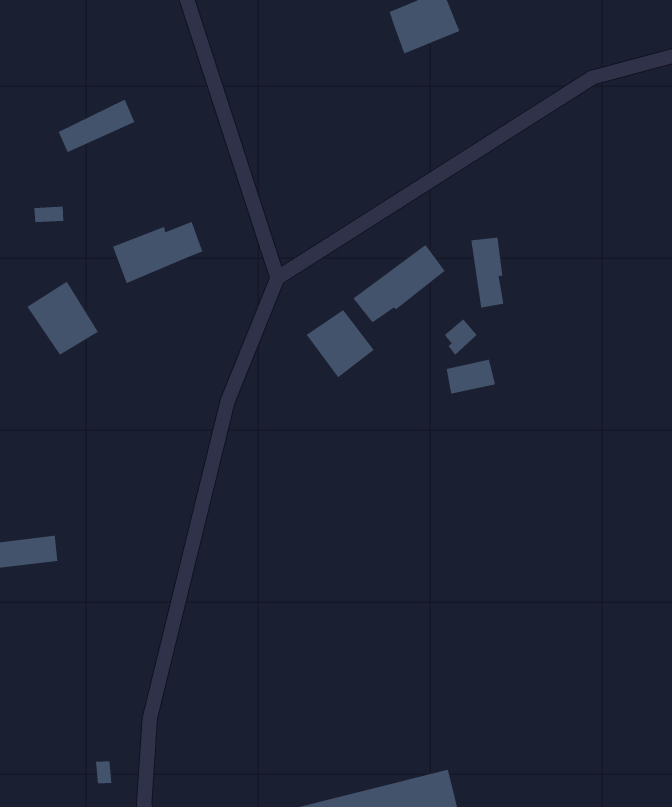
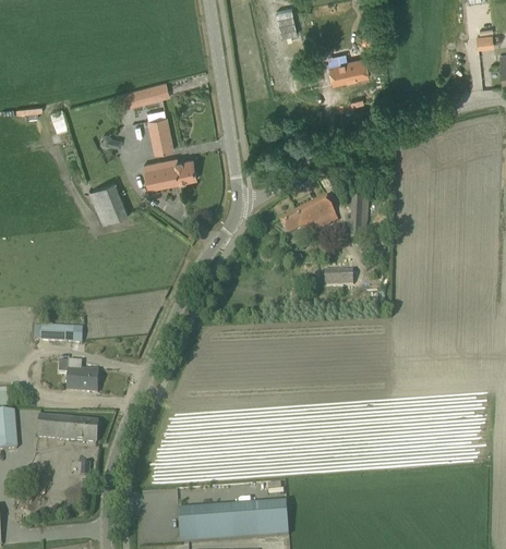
building: none -> [148,115,173,151]
building: [306,309,374,378] -> none
building: none -> [59,359,98,391]
building: none -> [37,414,98,441]

